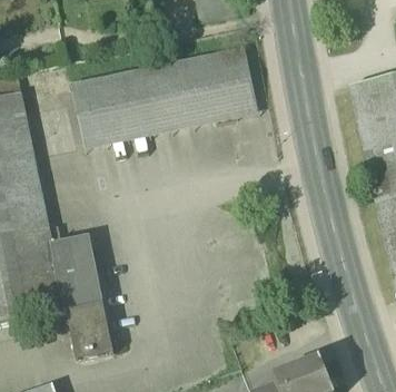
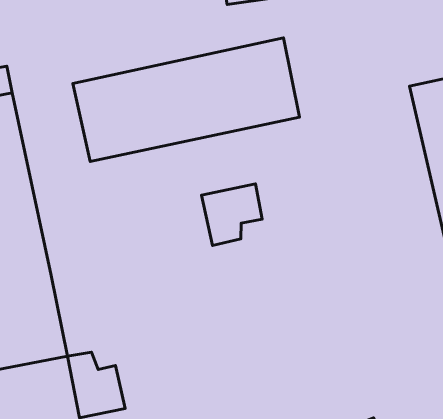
building: none -> [202,184,262,245]
building: [52,236,106,321] -> none

